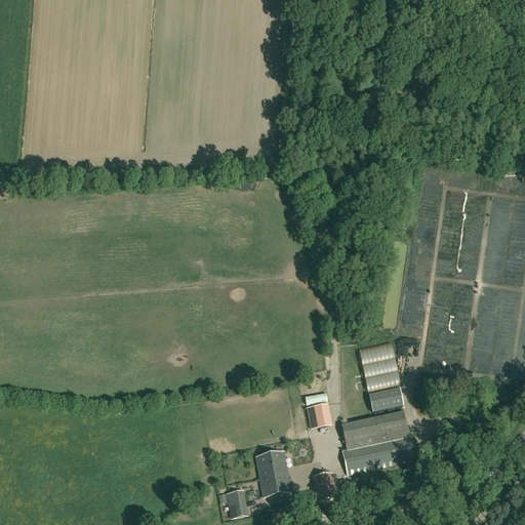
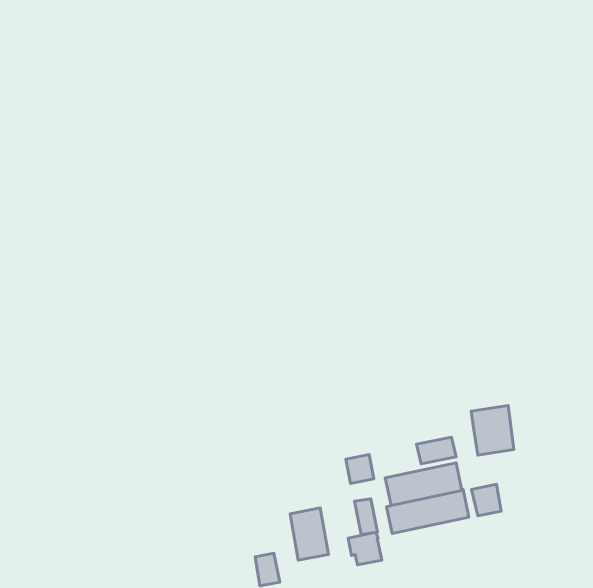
building: [363,345,401,389] -> [471,405,514,455]
building: none -> [472,484,501,516]
building: none -> [355,499,377,535]

